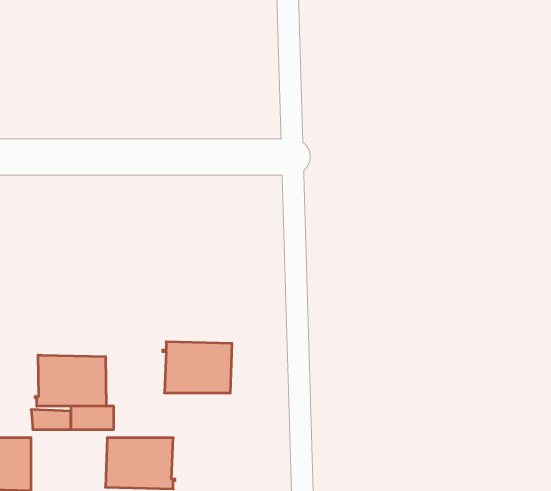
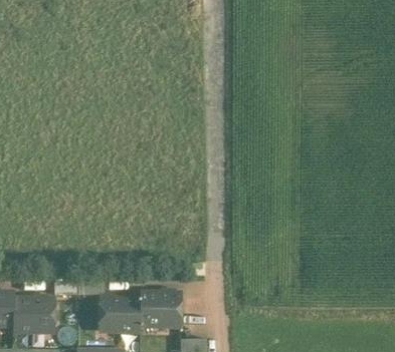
building: [163,342,232,393] -> [138,292,180,323]
building: [35,355,106,406] -> none

